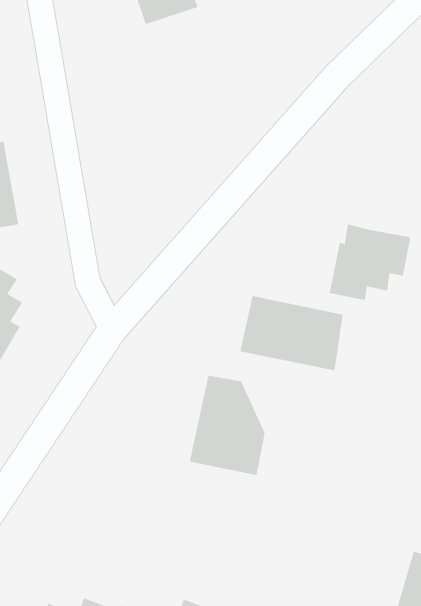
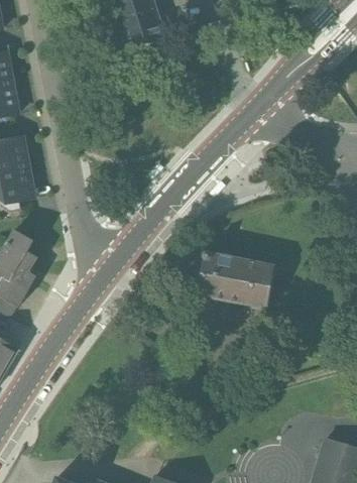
building: [329,224,411,301] -> none
building: [189,375,265,476] -> none

